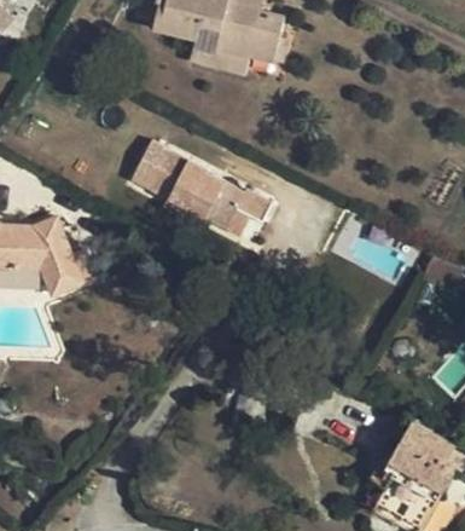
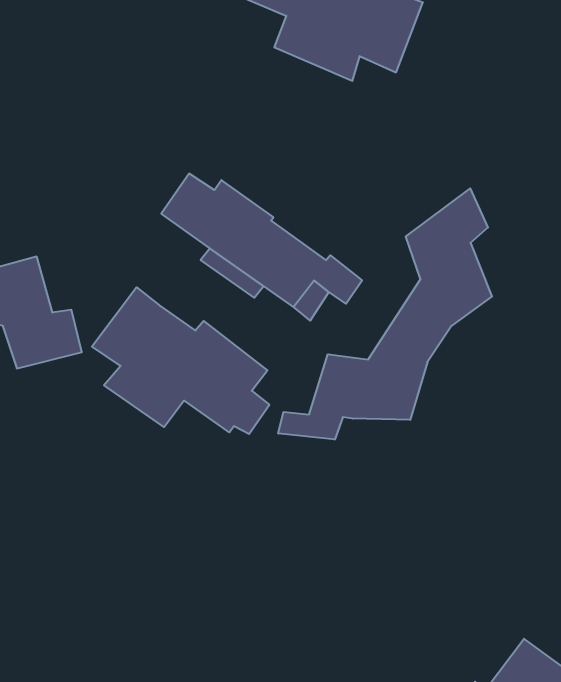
building: none -> [278,188,492,440]
building: none -> [92,287,269,434]

